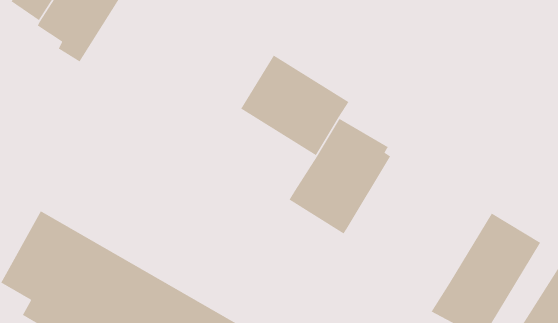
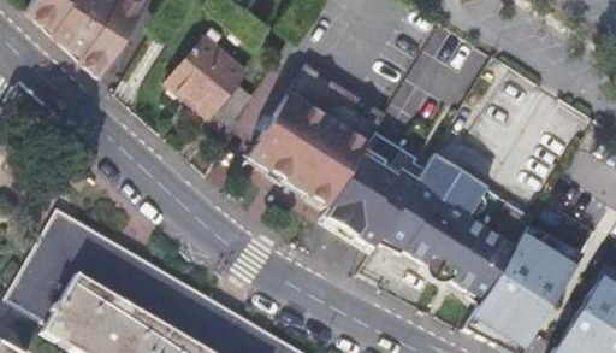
building: none -> [167,27,257,134]
building: none -> [245,118,348,204]
building: none -> [380,154,535,300]

